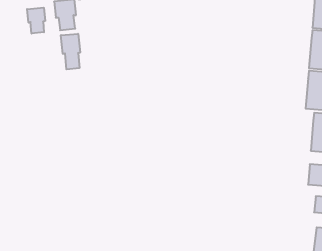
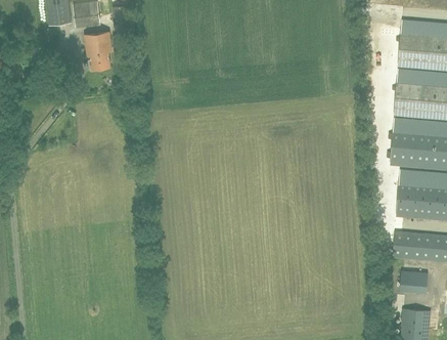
building: [27,8,45,34] -> none
building: [61,34,80,69] -> none

